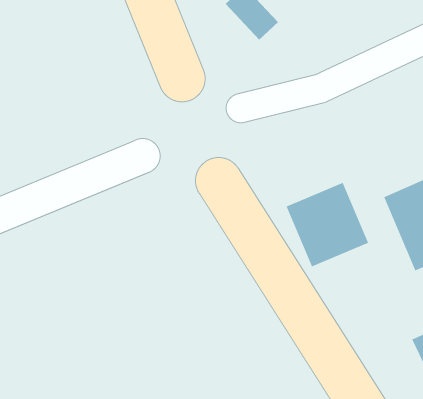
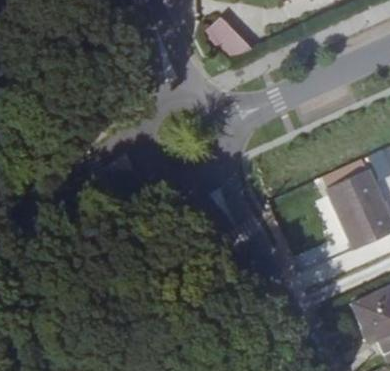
building: [285,182,369,268] -> none

